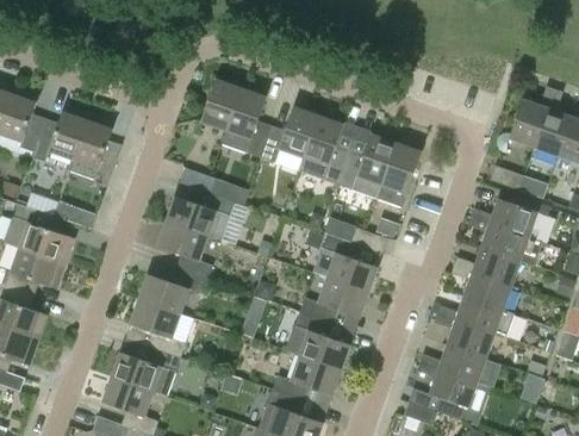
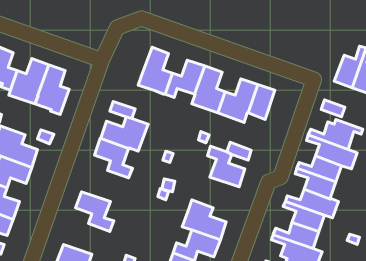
building: [201,80,242,130] -> none
building: [138,269,207,314] -> none
building: [300,279,369,324] -> none
building: [112,347,180,392] -> none

